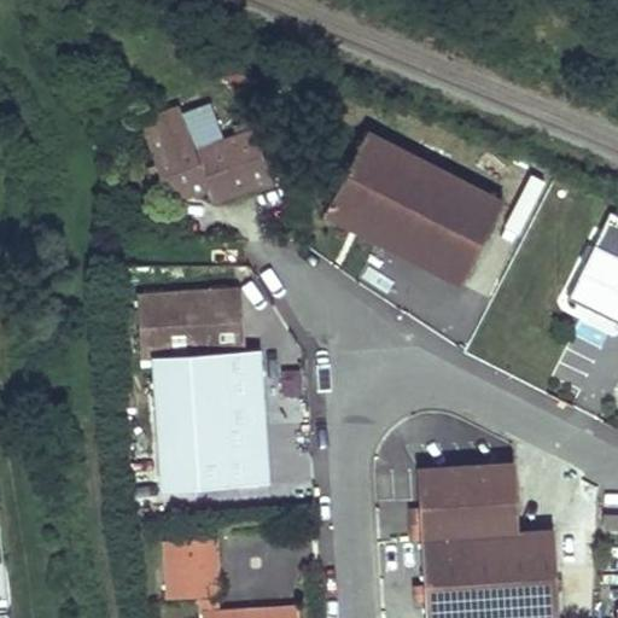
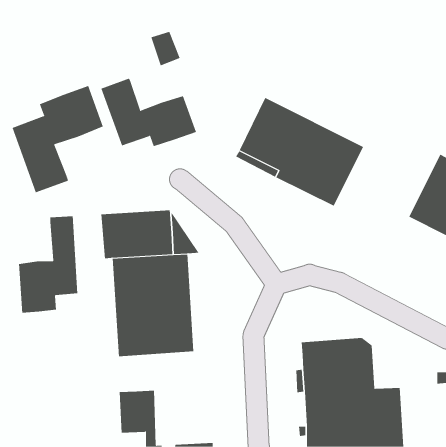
building: [182,104,223,152] -> [151,31,180,66]
building: none -> [12,85,104,193]
building: none -> [18,215,78,313]

